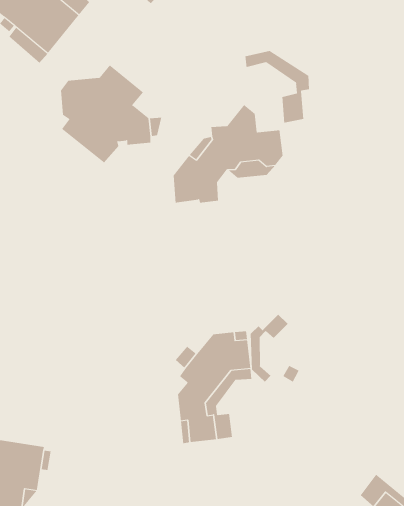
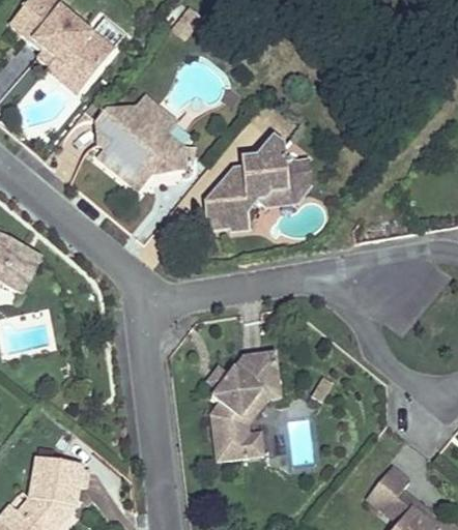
building: [245,50,310,124] -> none
building: [250,314,288,382] -> none
building: none -> [368,466,409,510]

